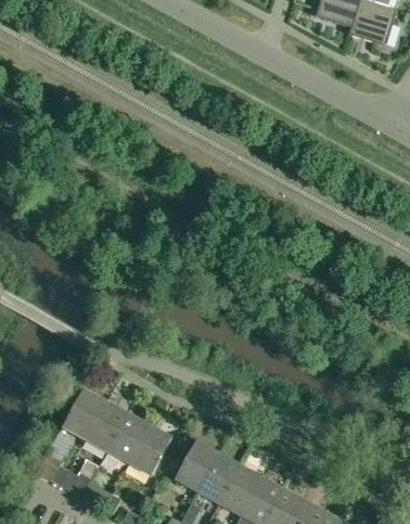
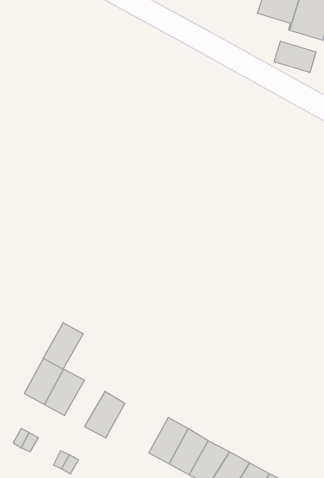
building: none -> [274,41,316,73]
building: [106,412,150,462] -> [43,323,83,369]
building: [176,440,218,490] -> none

